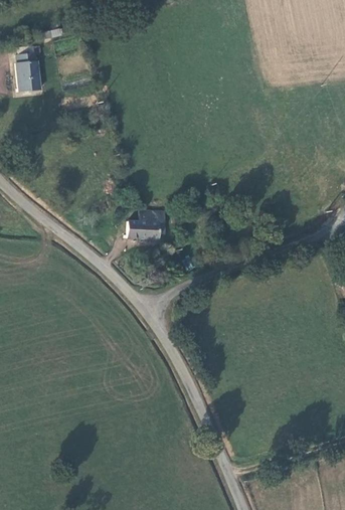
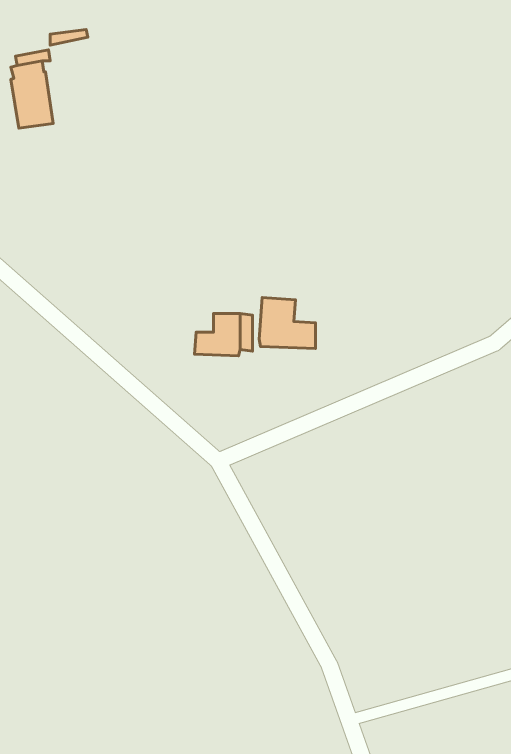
building: none -> [259,297,316,348]

